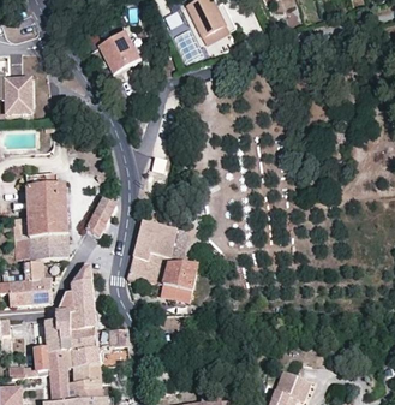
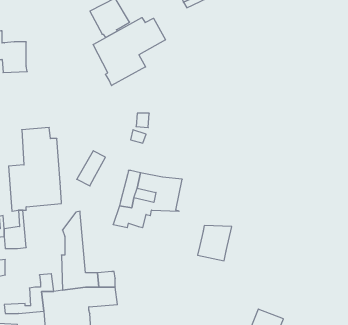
building: none -> [93,18,165,86]
building: [28,262,50,303] -> none
building: [161,262,198,300] -> [198,226,232,261]
building: [44,291,73,351] -> none

